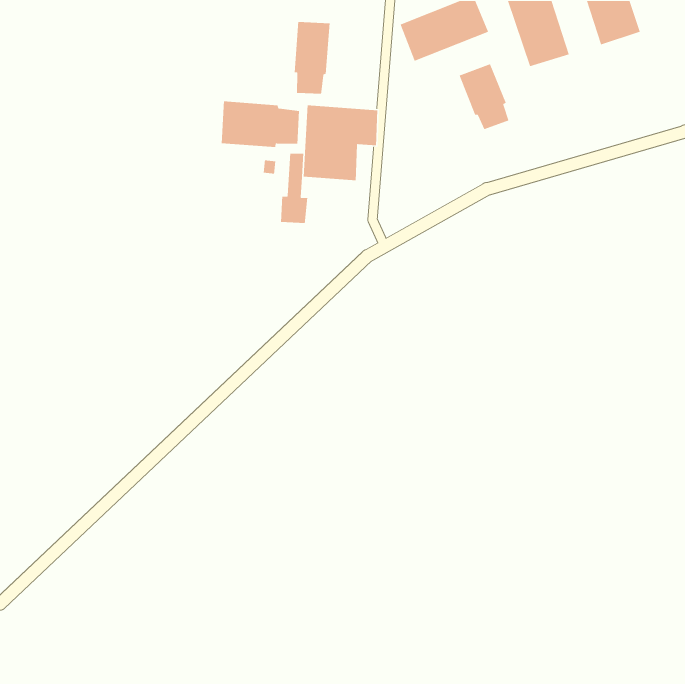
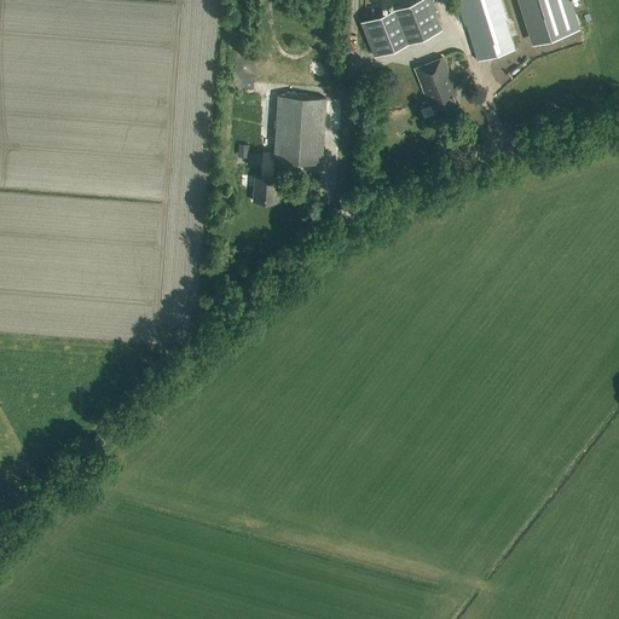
building: [294,21,330,94] -> none
building: [221,101,300,148] -> none

